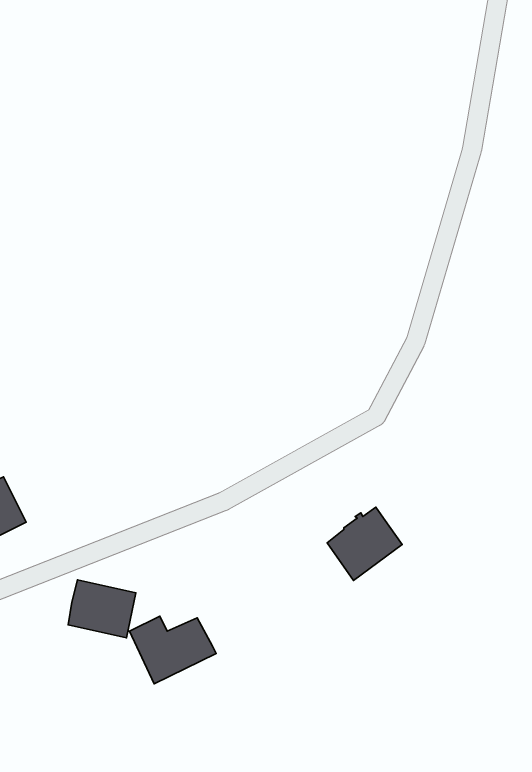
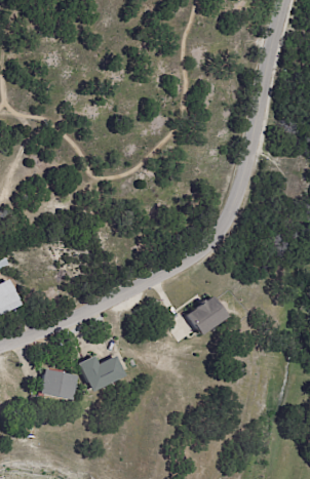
building: [68,580,136,638] -> [41,368,78,400]

